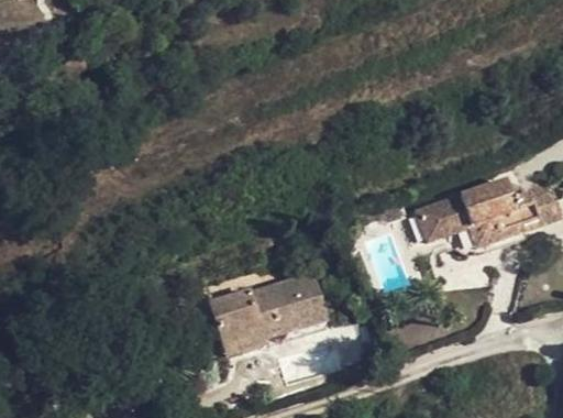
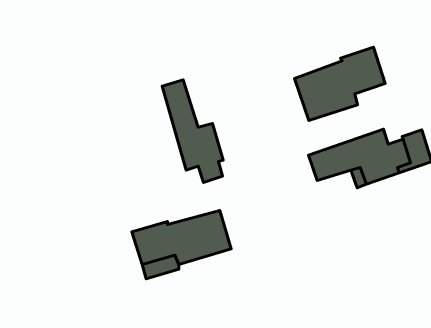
building: none -> [295,47,385,121]
building: none -> [162,80,223,182]

